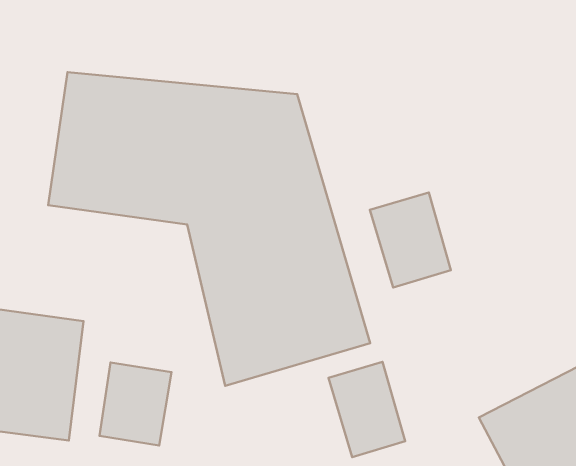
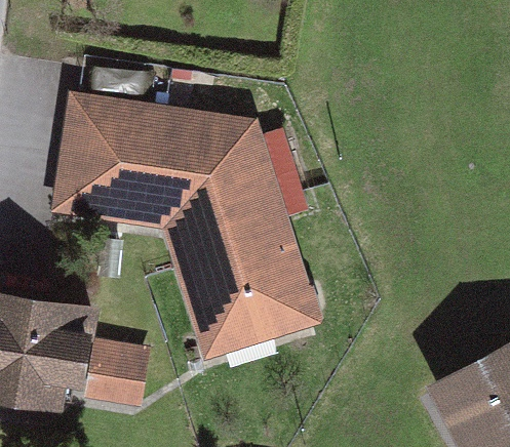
building: [370,193,451,287] -> none
building: [328,362,405,457] -> none

